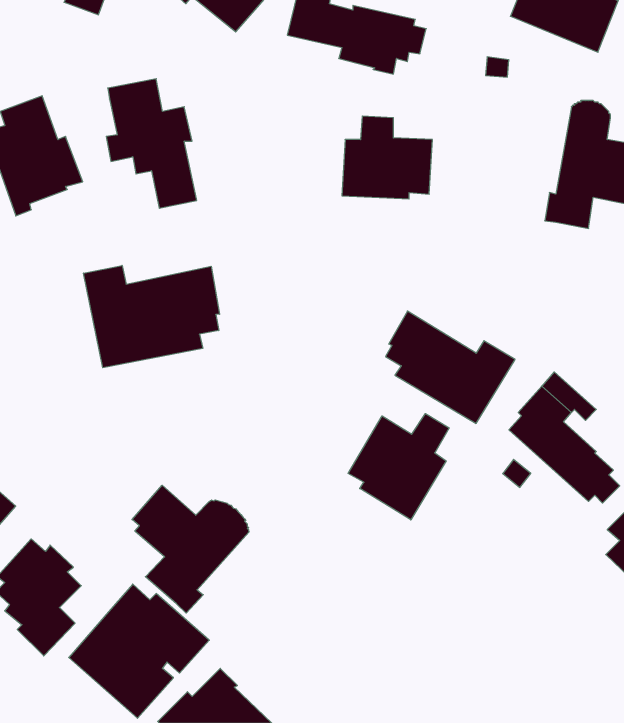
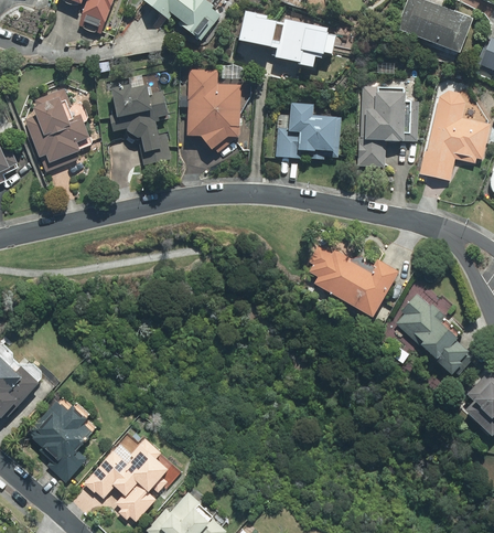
building: none -> [186,64,241,150]
building: none -> [357,86,418,166]
building: [84,265,220,368] -> none
building: [348,414,449,520] -> none
building: [132,485,249,613] -> none

